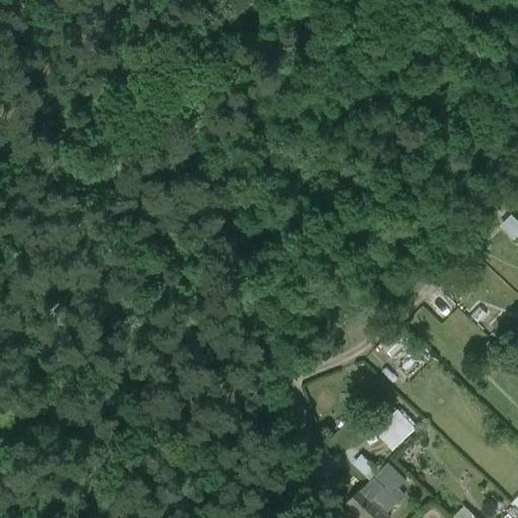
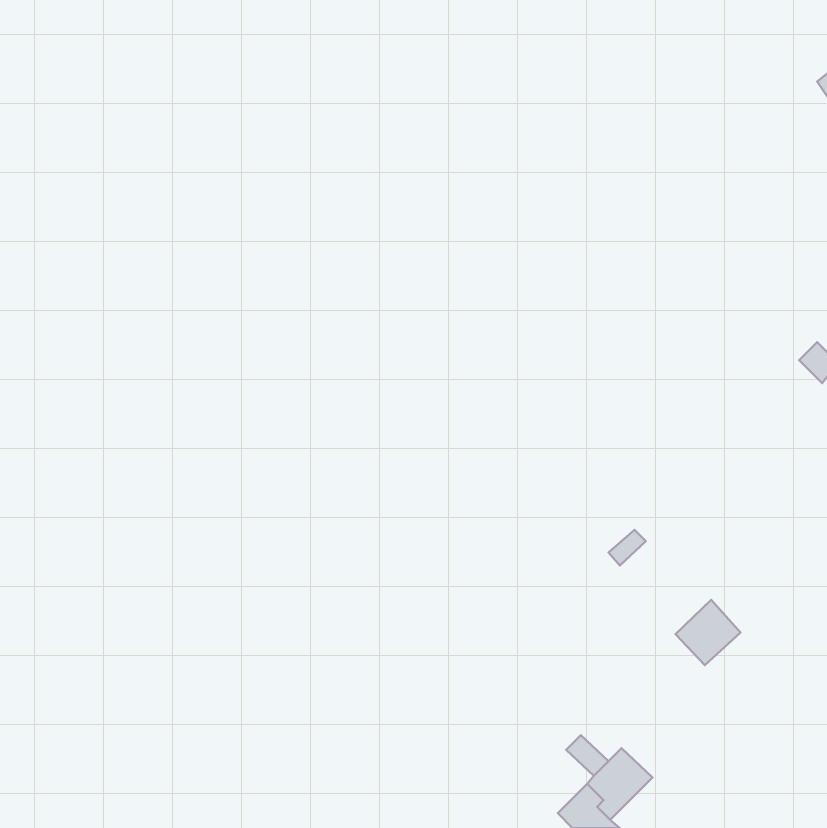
building: [377,410,418,450] -> [675,600,741,665]

